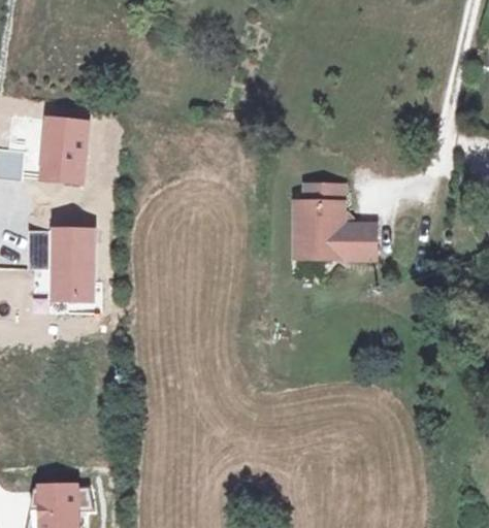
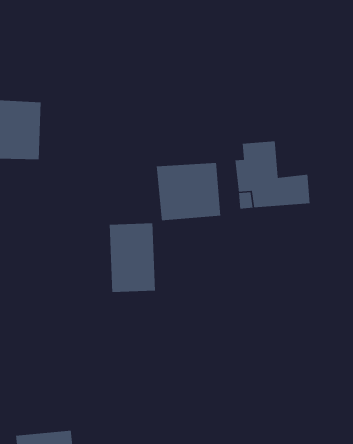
building: none -> [156,162,221,221]
building: [46,225,98,302] -> [109,223,156,293]

